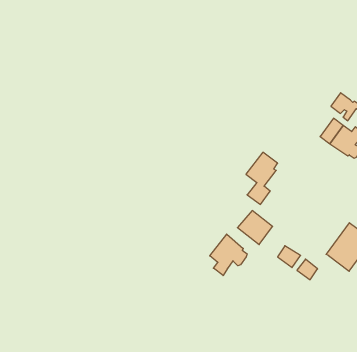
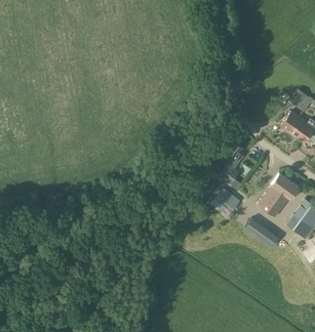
building: none -> [259,173,299,216]
building: [210,234,247,276] -> none

